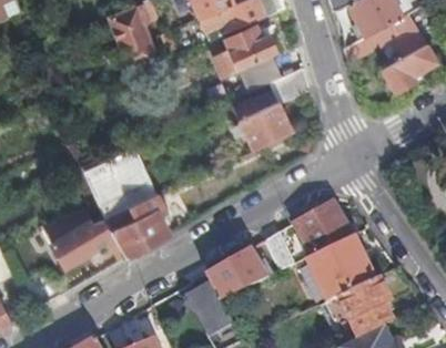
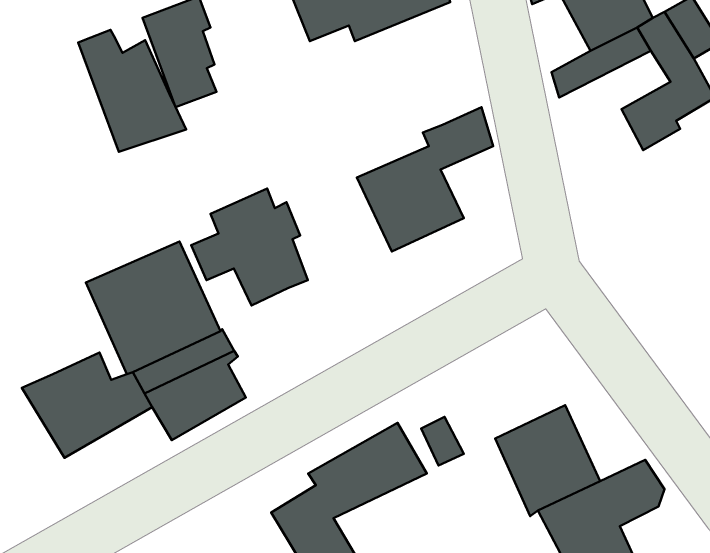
building: none -> [78,30,186,152]
building: [214,27,281,93] -> [191,189,308,305]
building: [287,205,351,257] -> none

